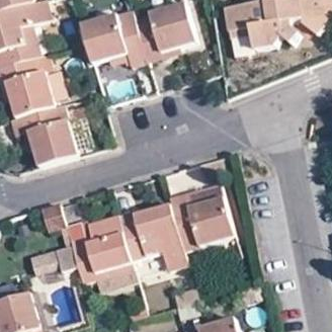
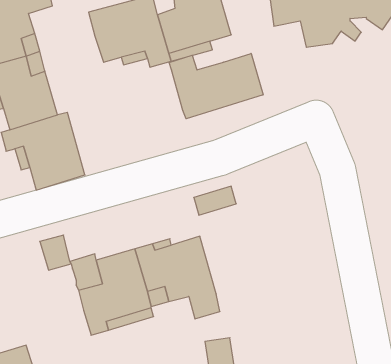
building: none -> [169,53,263,119]
building: [169,183,235,251] -> none
building: [28,244,77,284] -> none

